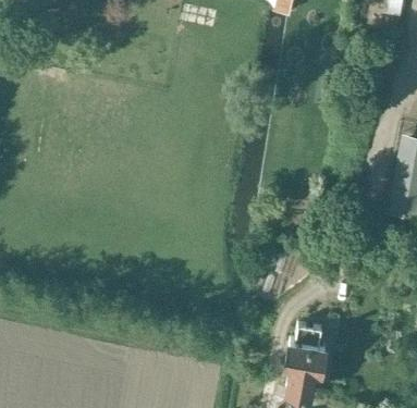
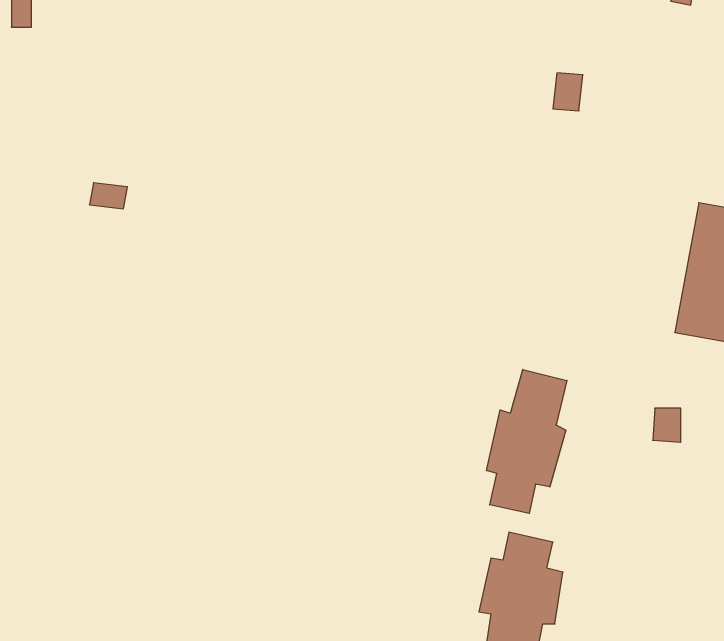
building: none -> [487,369,567,513]

